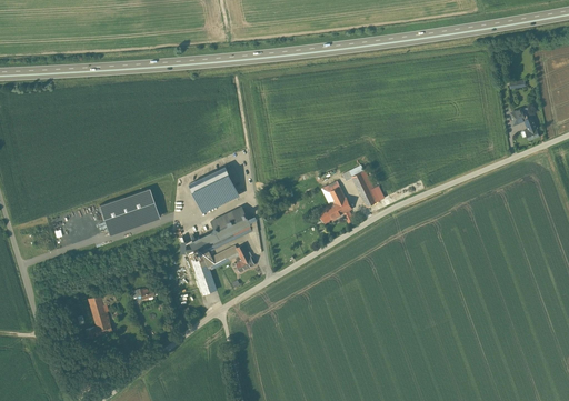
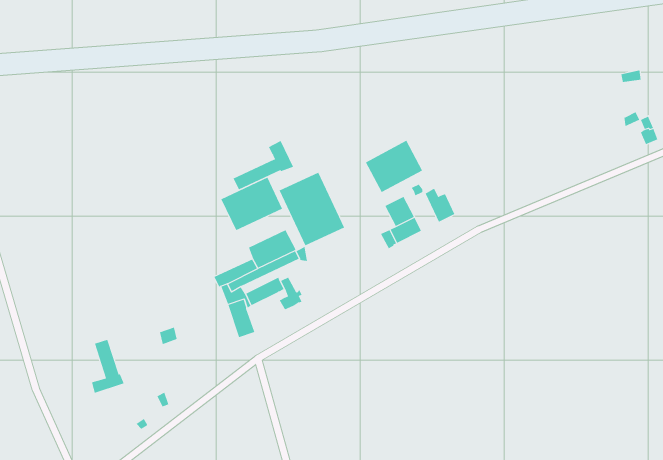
building: none -> [365,140,423,193]
building: none -> [233,140,294,190]
building: none -> [279,172,345,246]
building: [99,189,160,235] -> none

